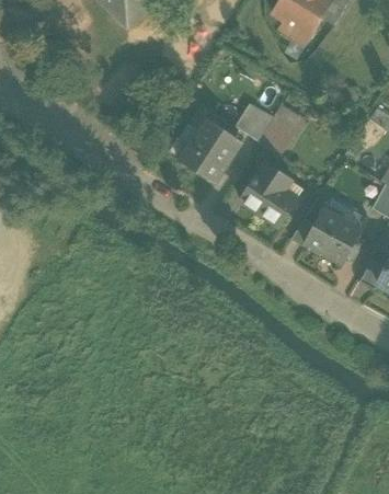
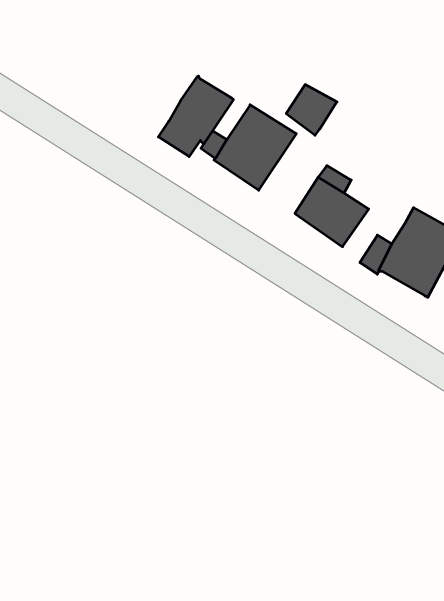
building: none -> [158,76,233,157]
building: [261,114,296,149] -> none

